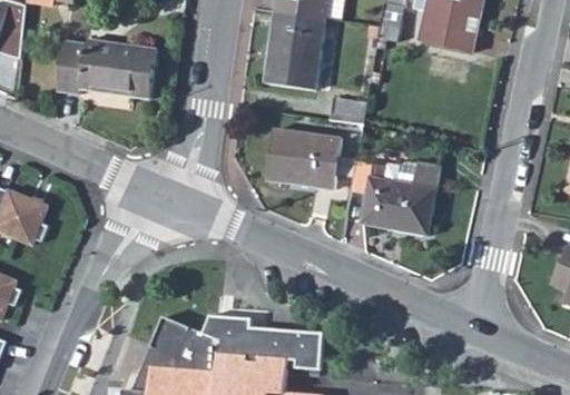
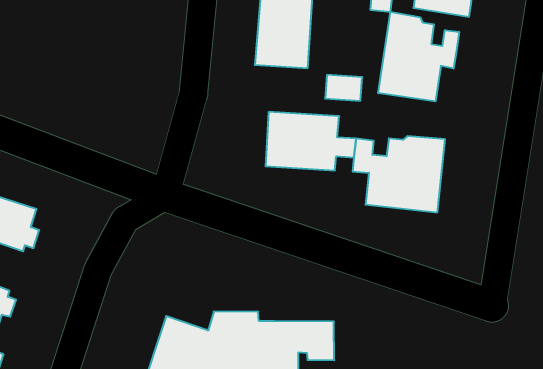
building: [56,39,157,99] -> none
building: none -> [378,12,459,101]

